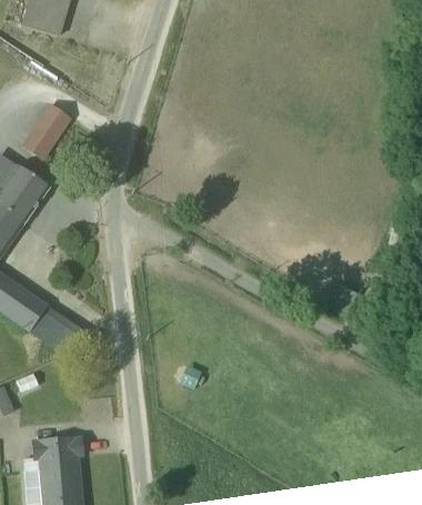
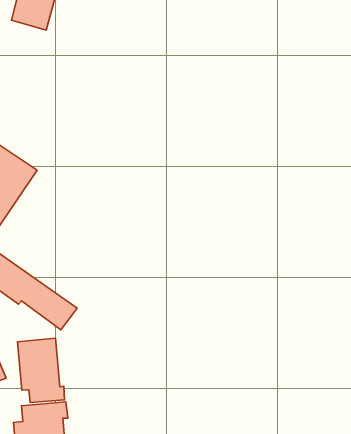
building: [21,104,68,156] -> none
building: none -> [17,338,65,402]

